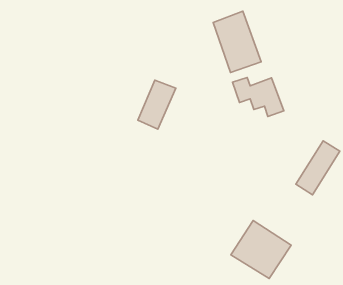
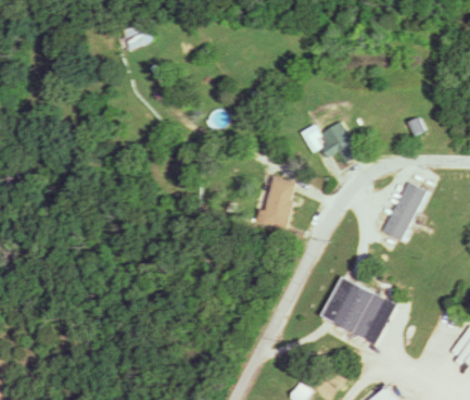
building: [213,11,261,73] -> none
building: [138,80,176,129] -> [261,178,296,230]

